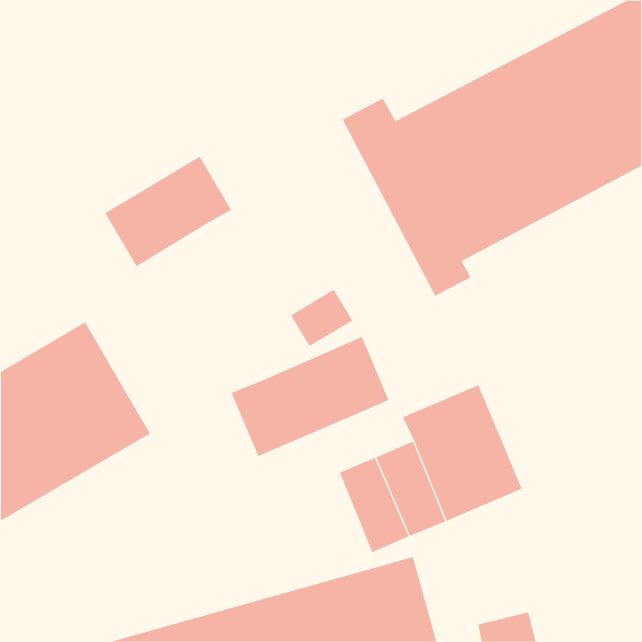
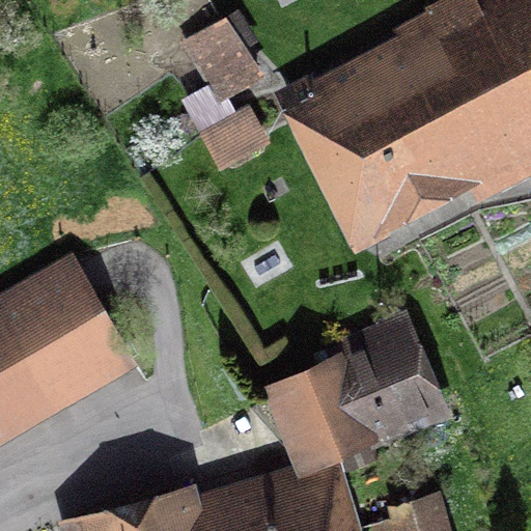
building: none -> [179,6,271,165]
building: [104,156,232,267] -> none
building: [231,336,389,457] -> none

